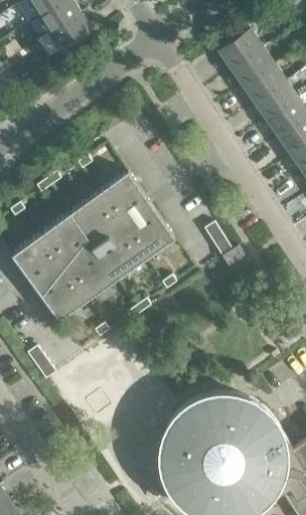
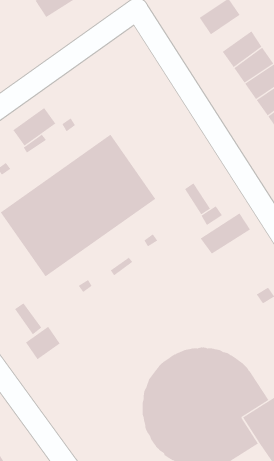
building: [232,48,275,87] -> none
building: none -> [12,107,56,146]
building: none -> [200,213,251,254]
building: none -> [25,326,61,360]

